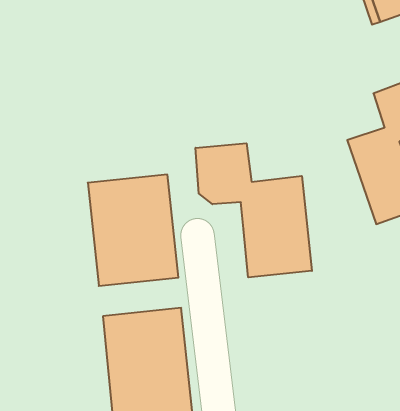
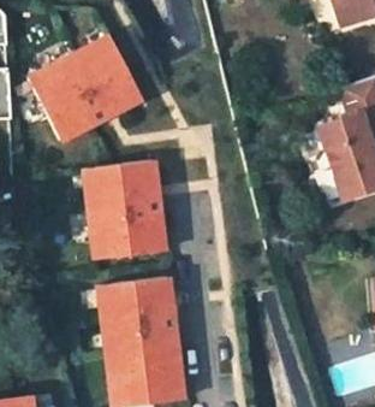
building: none -> [37,35,149,137]
building: [196,143,312,277] -> none

